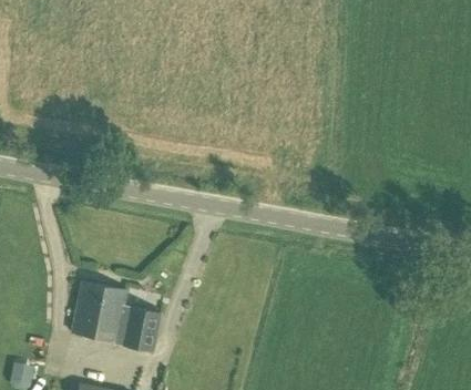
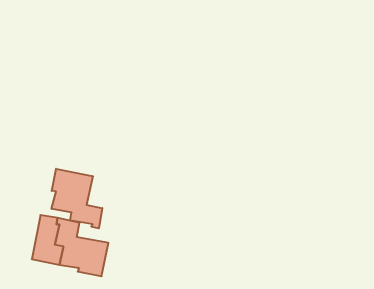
building: none -> [52,169,102,228]

